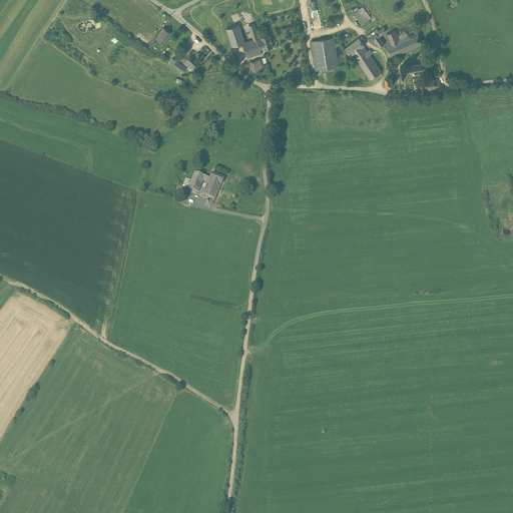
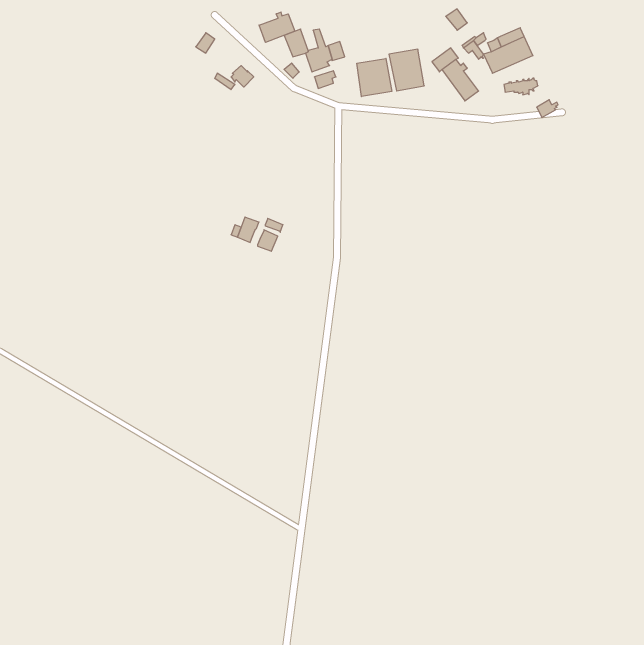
building: none -> [259,12,295,42]
building: none -> [357,58,392,97]

